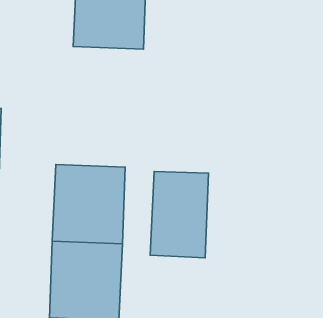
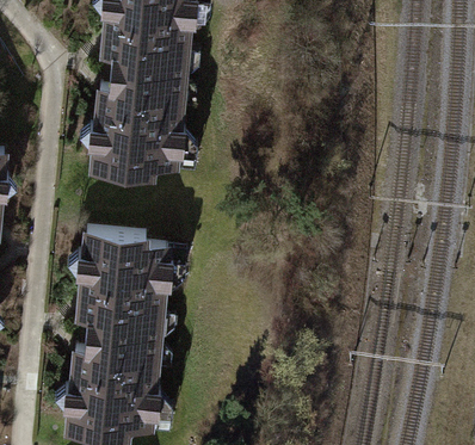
building: none -> [95,74,191,178]
building: [150,172,208,258] -> none

